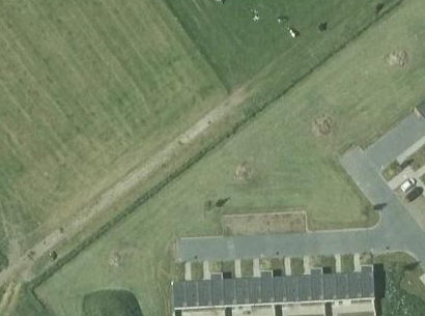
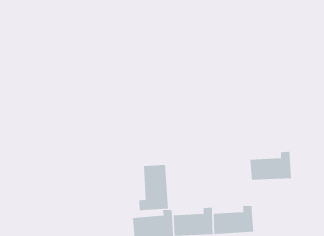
building: none -> [139,164,168,211]
building: [322,265,375,301] -> [250,151,292,180]

